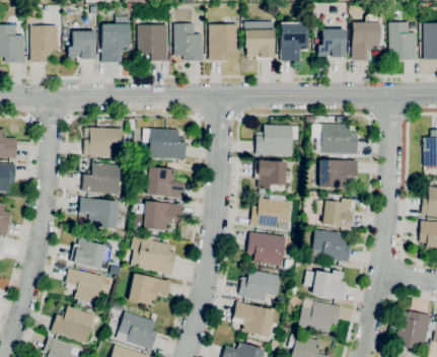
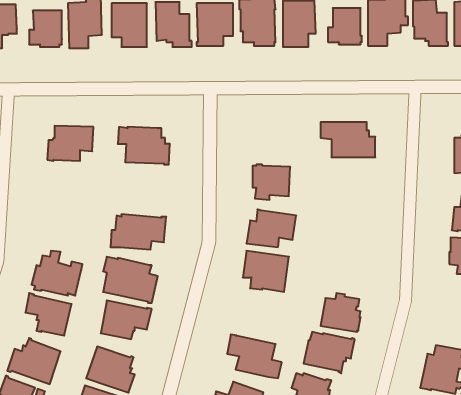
building: [257,124,299,155] -> none
building: [319,159,358,188] -> none
building: [82,162,121,194] -> none
building: [139,165,187,198] -> none
building: [316,193,356,227] -> none
building: [80,196,119,228] -> none
building: [313,229,351,262] -> none
building: [238,266,282,301] -> none

